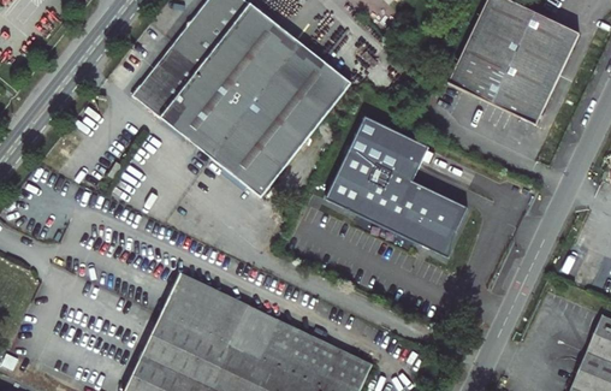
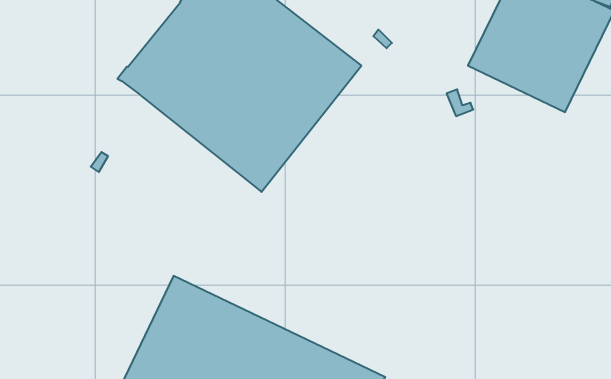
building: [325,118,467,260] -> none

